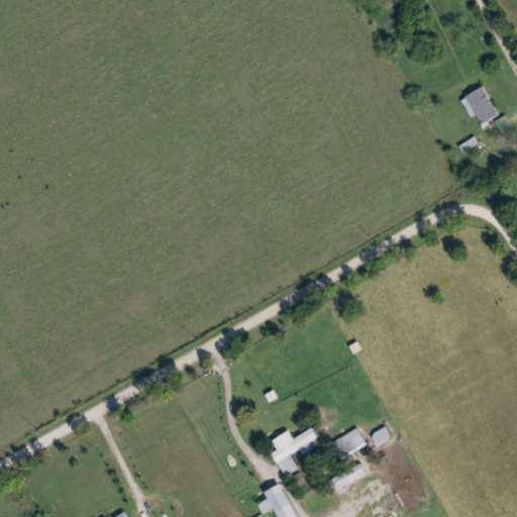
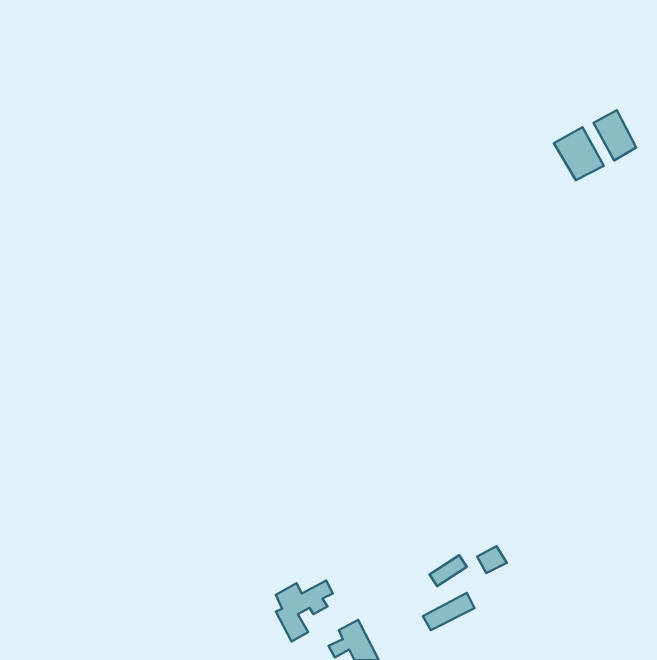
building: none -> [554,127,604,180]
building: [272,428,316,476] -> [276,581,333,641]

